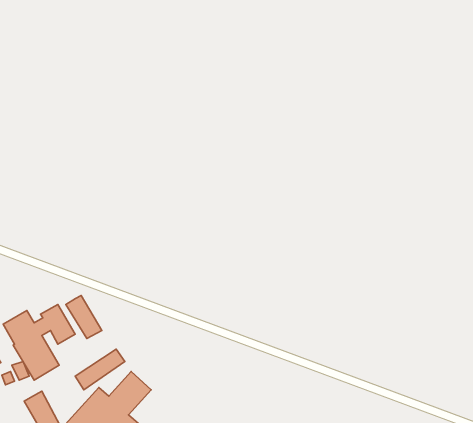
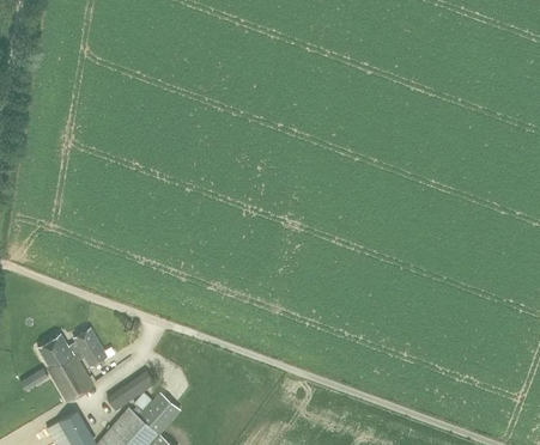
building: [66,295,102,338] -> none

